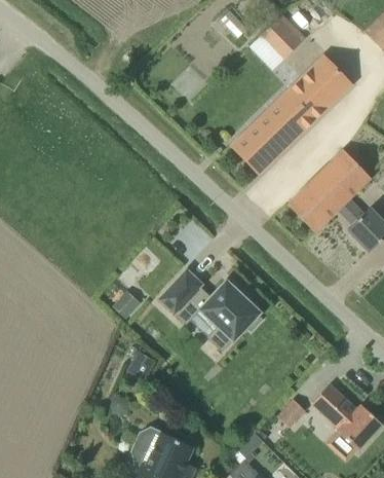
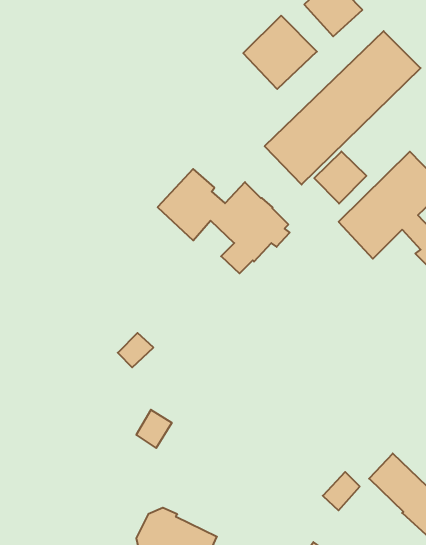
building: none -> [243,16,317,89]
building: none -> [314,151,366,204]
building: [158,269,261,351] -> [158,169,290,273]

